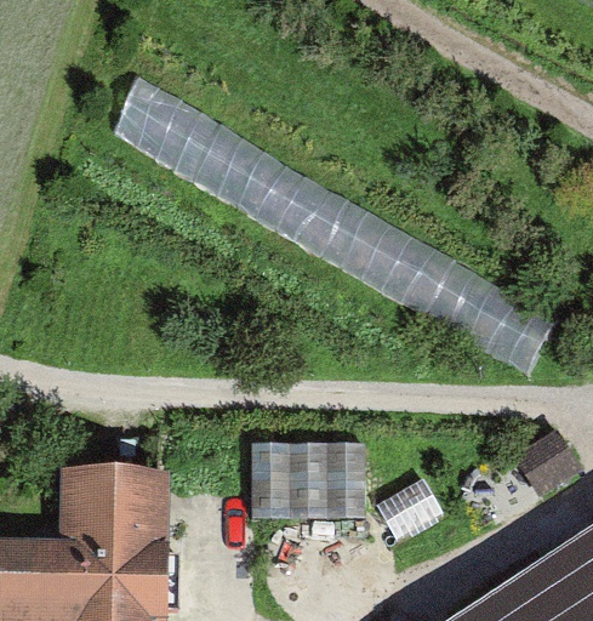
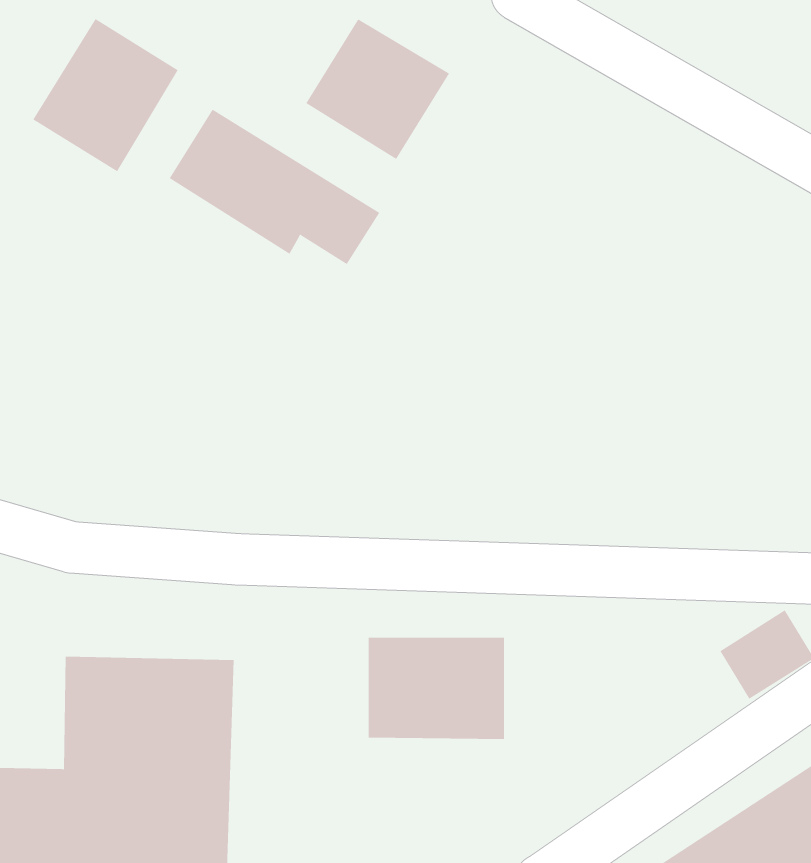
building: none -> [33,18,179,172]
building: none -> [305,19,450,160]

